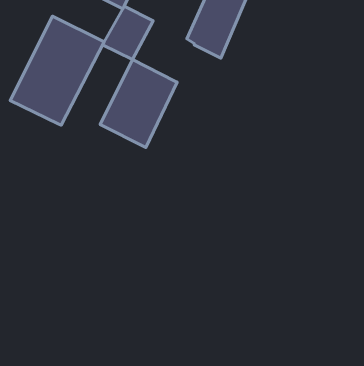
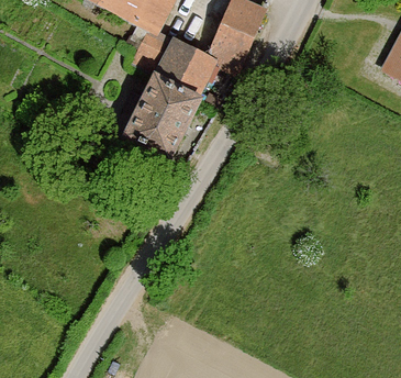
building: [10,16,104,125] -> none
building: none -> [158,40,214,94]

